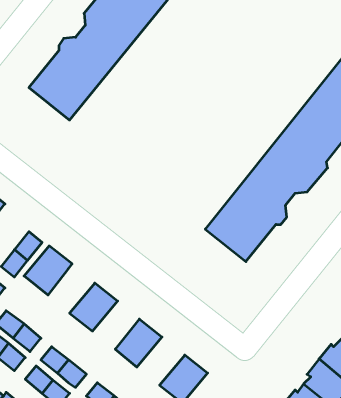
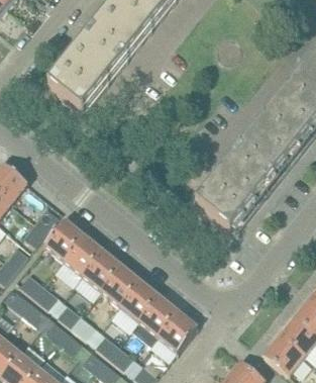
building: none -> [63,234,102,276]
building: none -> [100,266,139,306]
building: none -> [137,296,178,337]

